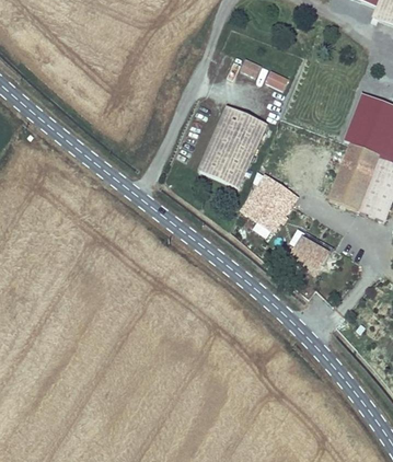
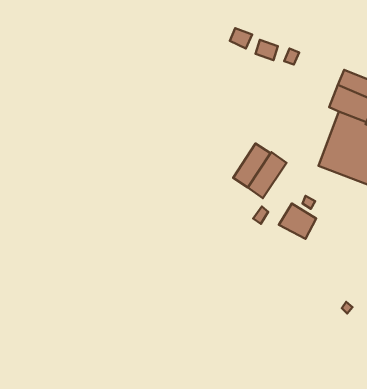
building: [200,105,267,186] -> none

